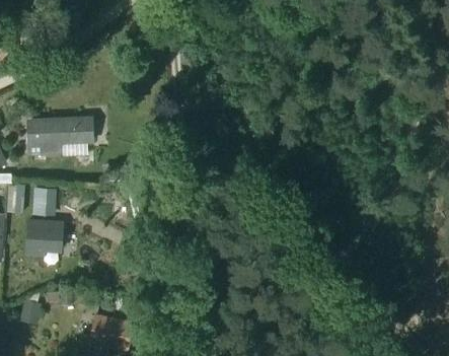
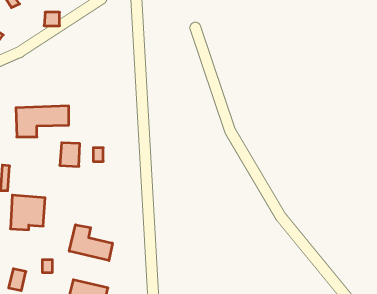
building: [32,188,55,214] -> [60,143,80,166]
building: none -> [69,225,112,261]

